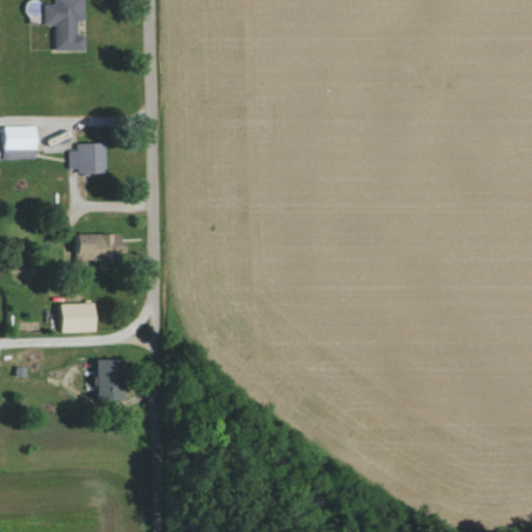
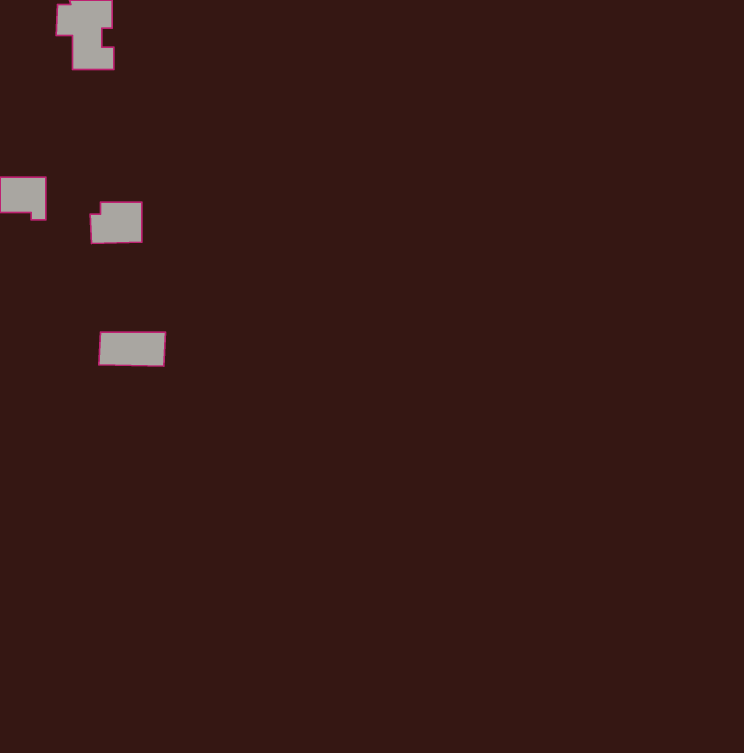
building: [58,303,92,334] -> none
building: [97,360,122,398] -> none

